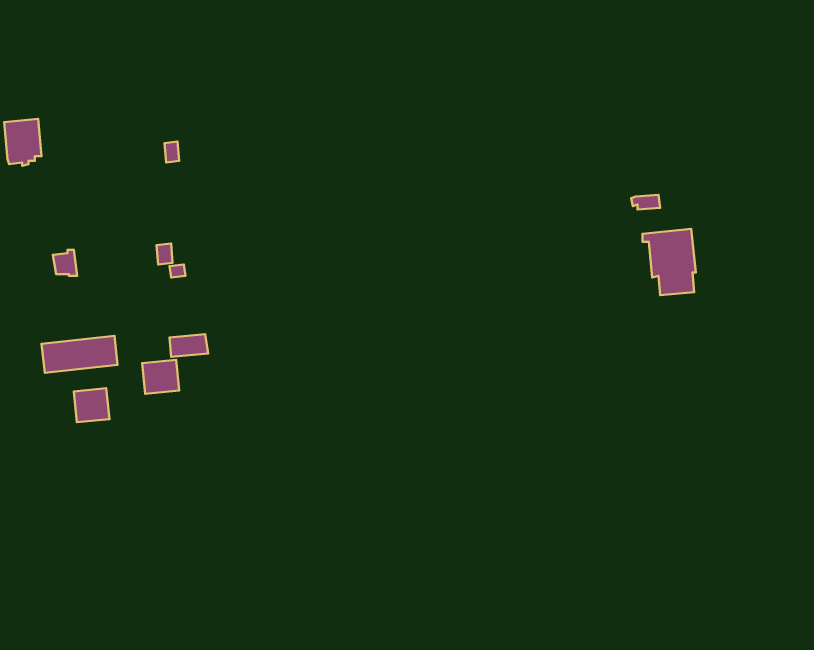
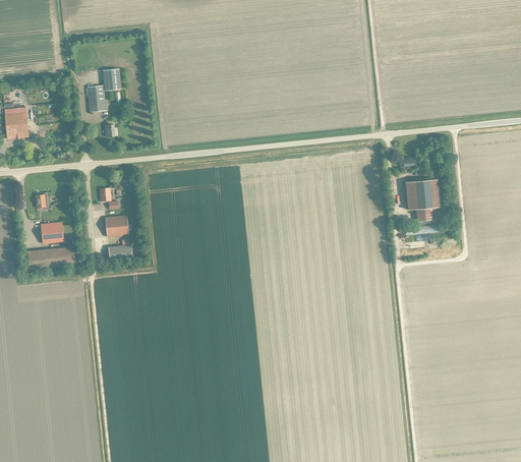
building: none -> [88,67,121,111]
building: [142,360,179,394] -> [105,215,128,236]
building: [74,388,109,422] -> [41,221,63,242]

